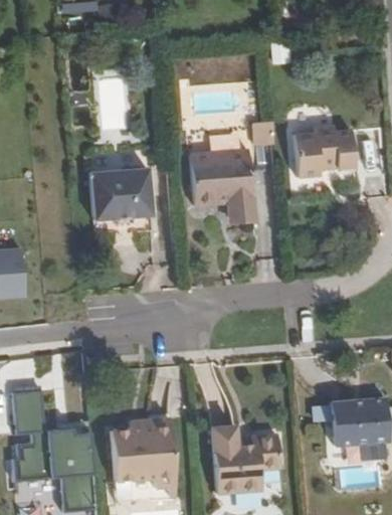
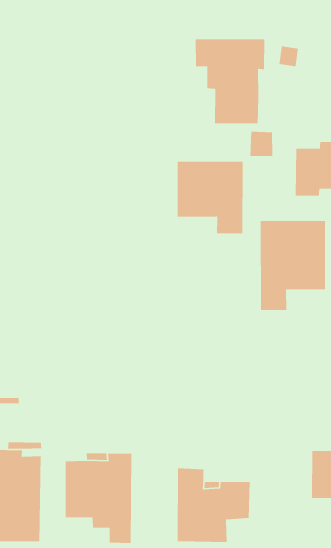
building: none -> [195,39,265,124]
building: [90,167,152,219] -> none
building: none -> [260,220,326,311]

